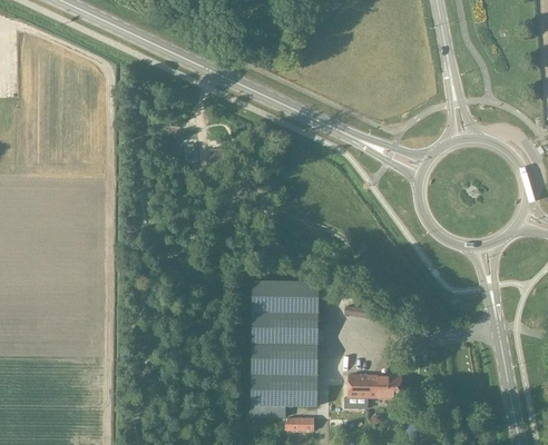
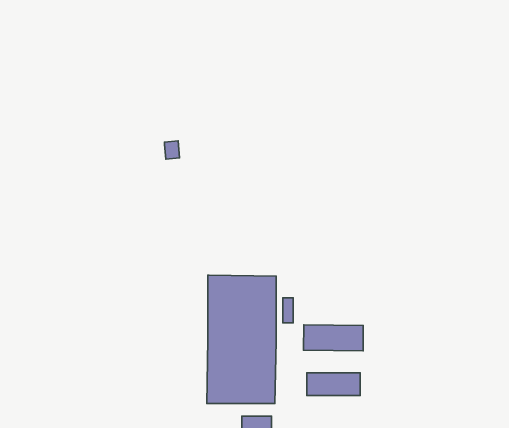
building: none -> [303,325,363,351]

